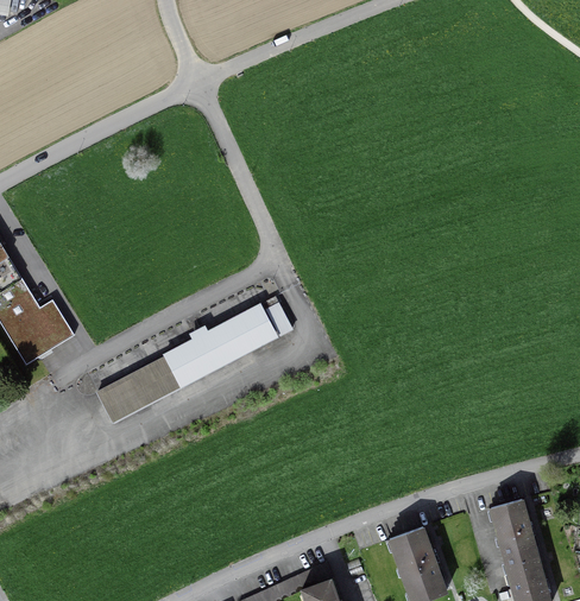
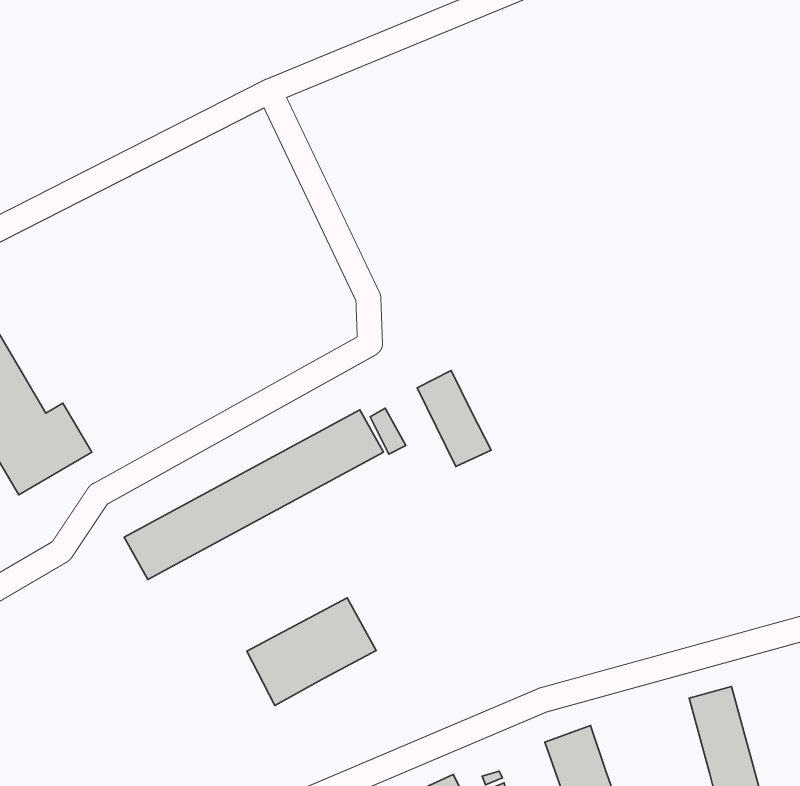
building: none -> [417,370,491,467]
building: none -> [247,598,376,705]

